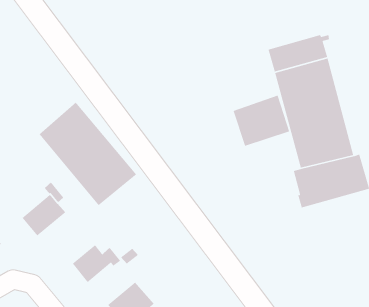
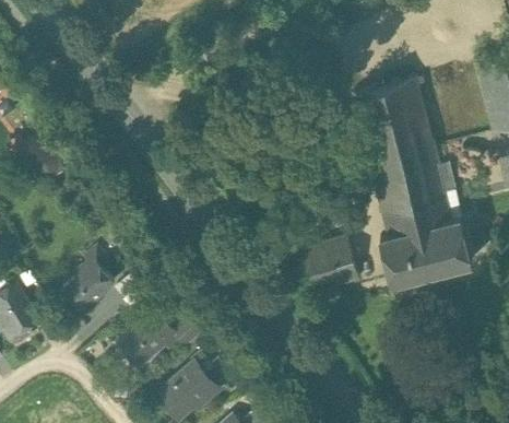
building: [232,95,290,147] -> [297,228,365,290]
building: [39,101,137,206] -> none

